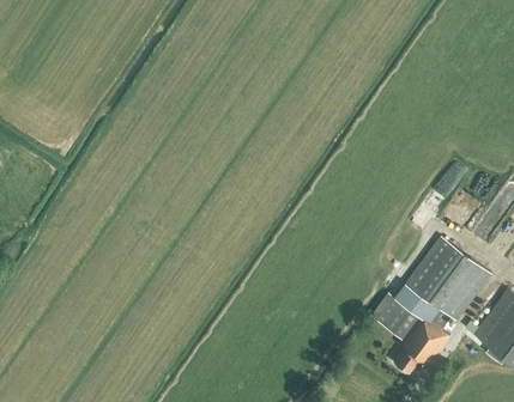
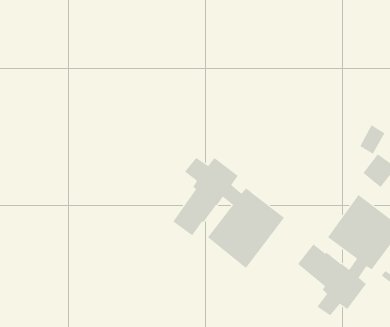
building: none -> [172,157,285,269]

